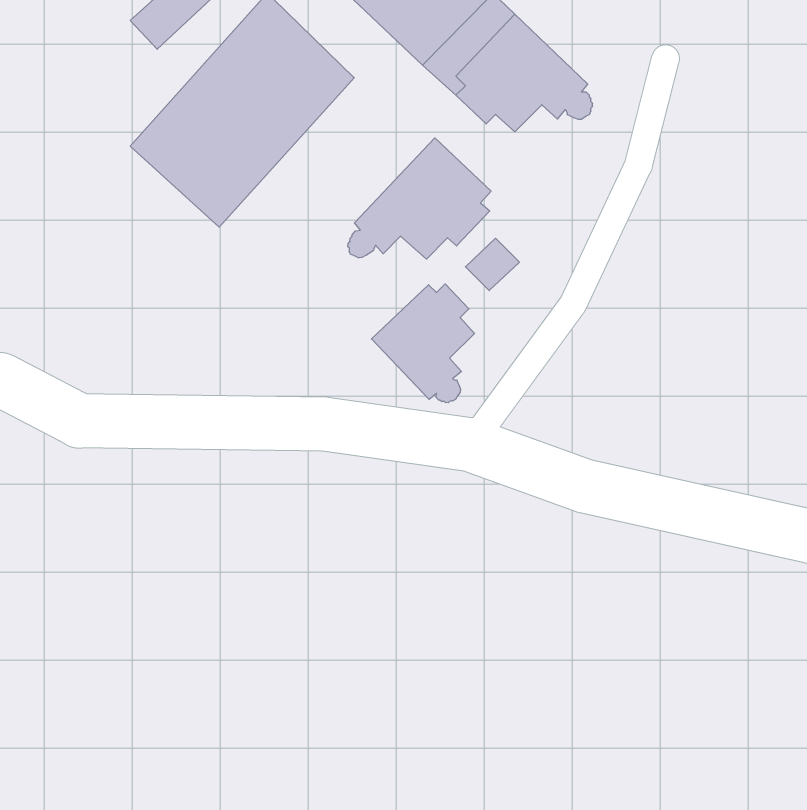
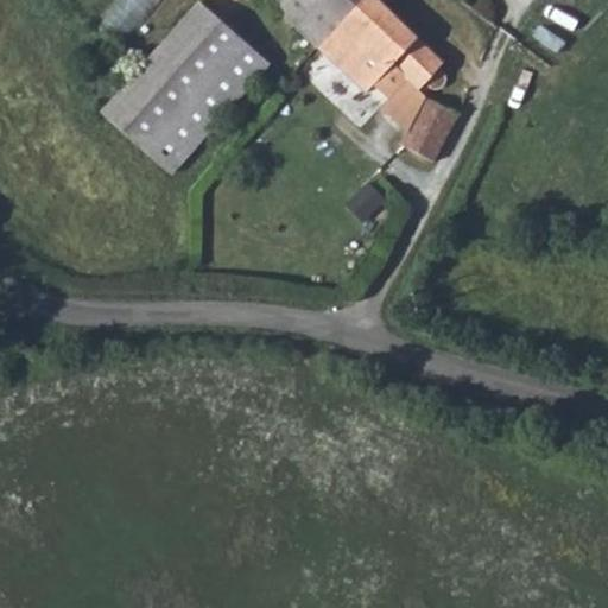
building: none -> [399,97,456,163]
building: [348,138,491,259] -> none
building: [371,284,475,403] -> none

